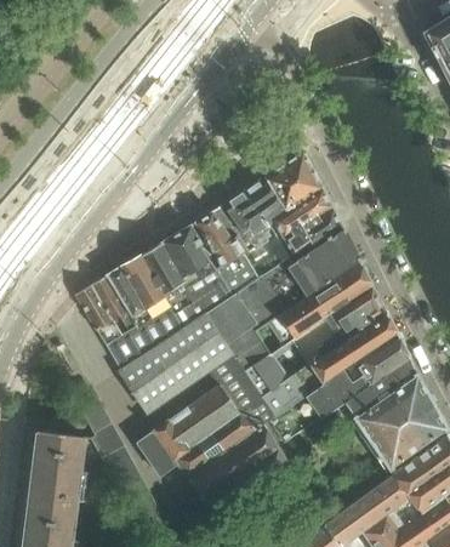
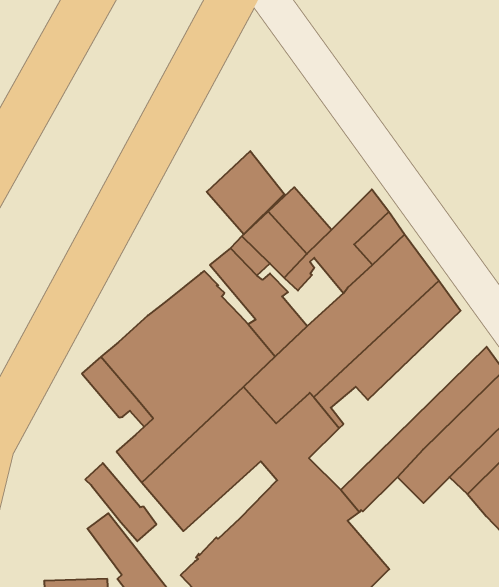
building: [266,152,321,211] -> [207,151,284,234]
building: [75,285,121,346] -> [85,463,156,541]
building: [244,285,386,400] -> none

